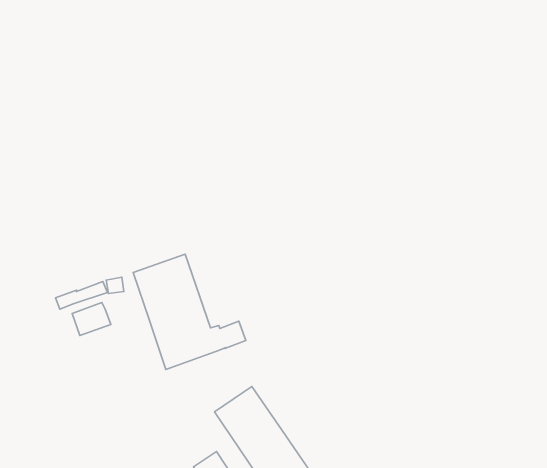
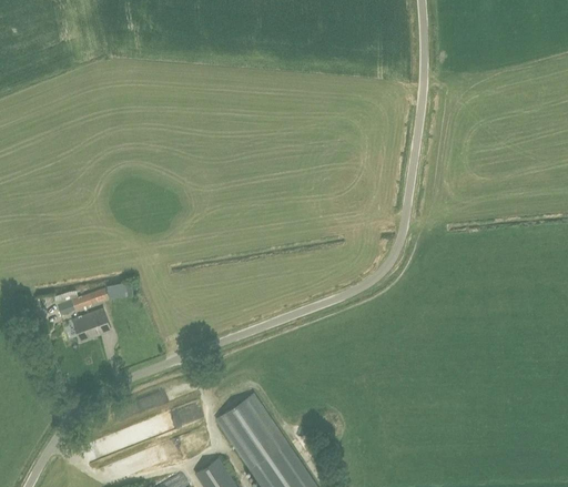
building: [133,254,246,369] -> none

